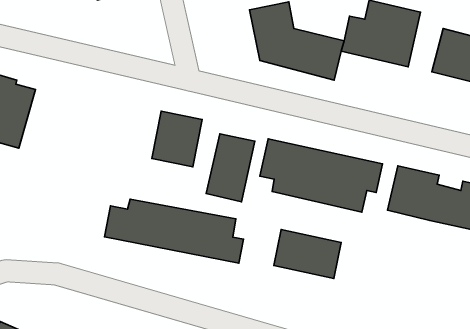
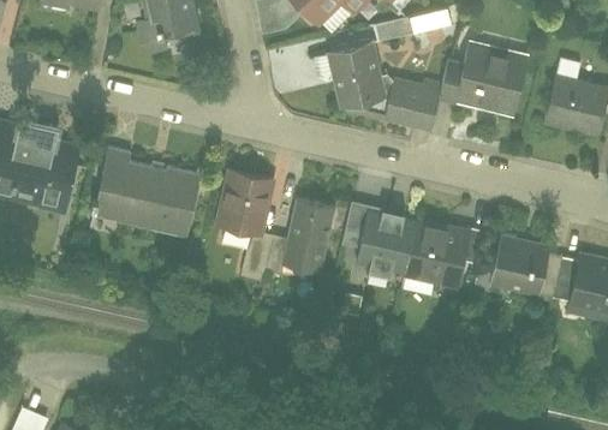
building: none -> [94,150,202,234]
building: [105,199,244,263] -> none
building: [274,229,341,278] -> none

